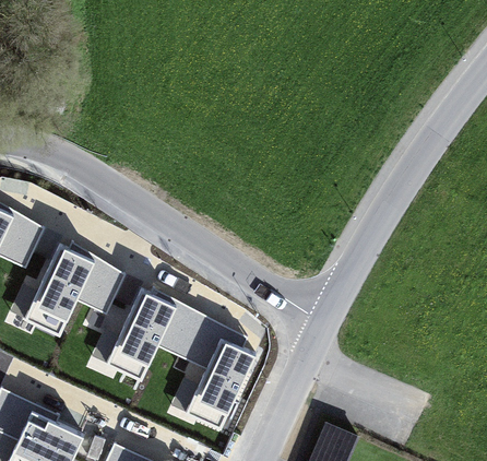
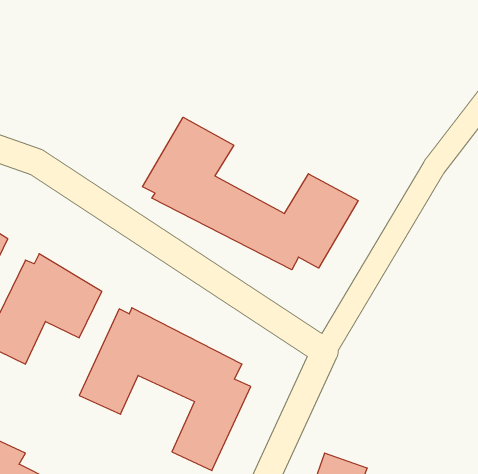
building: none -> [142,117,358,270]

